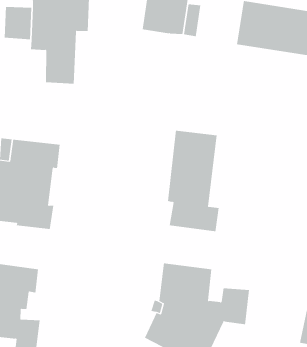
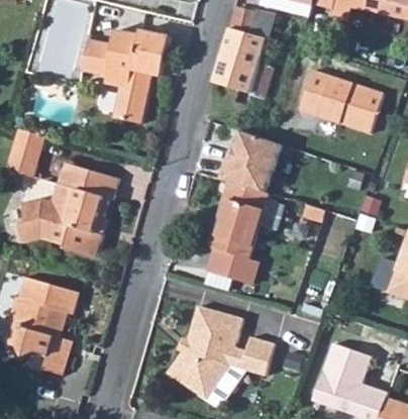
building: none -> [219,130,281,192]

